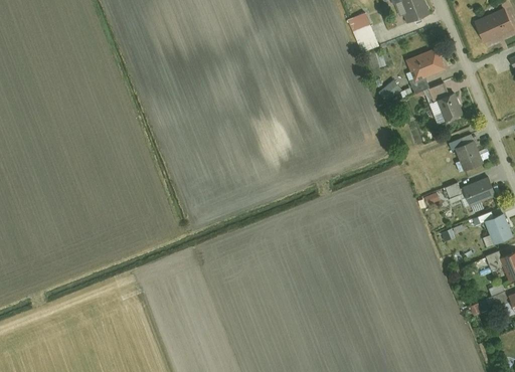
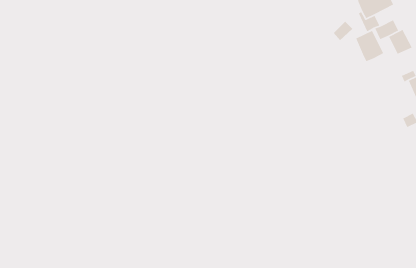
building: none -> [355,30,384,62]

